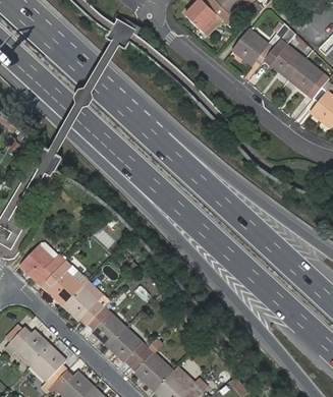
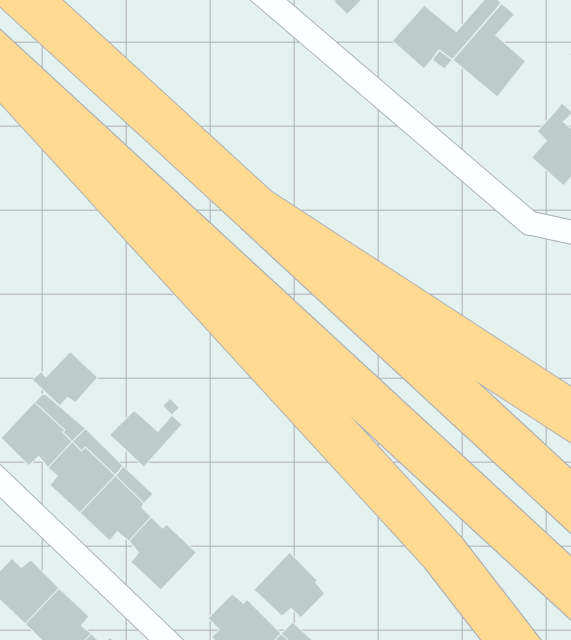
building: [289,61,323,99] -> none
building: none -> [32,351,98,406]
building: none -> [109,410,182,467]
building: [107,327,146,362] -> [254,552,325,618]

